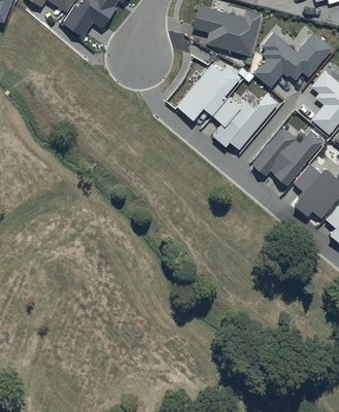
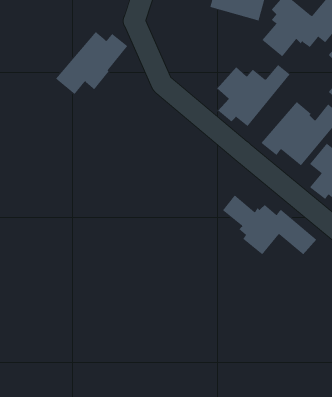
building: [176,64,241,121] -> [55,31,128,95]
building: none -> [222,194,317,255]

